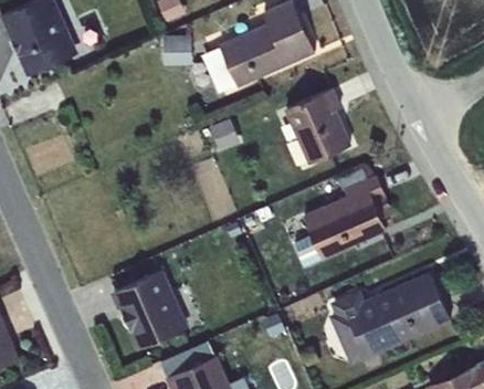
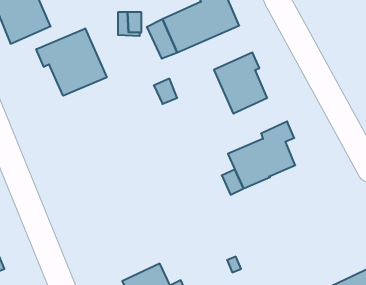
building: none -> [36,28,107,96]
building: [111,271,188,351] -> none
building: [328,271,451,365] -> none

